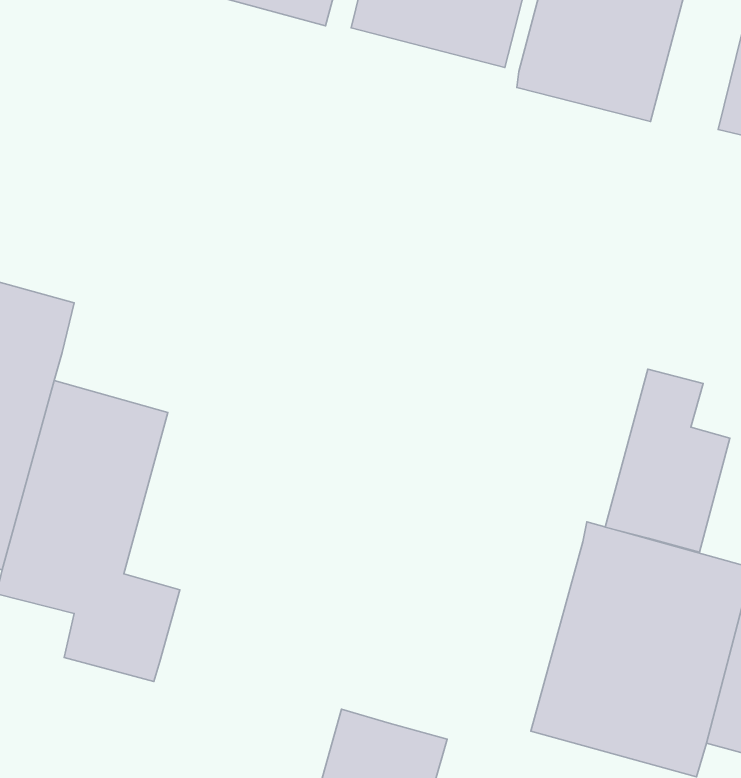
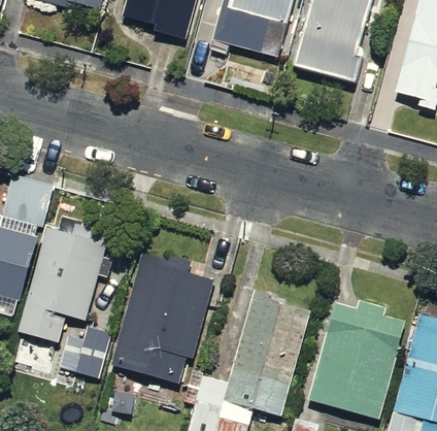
building: [605,369,730,552] -> none
building: none -> [105,247,214,389]
building: none -> [224,286,324,418]

